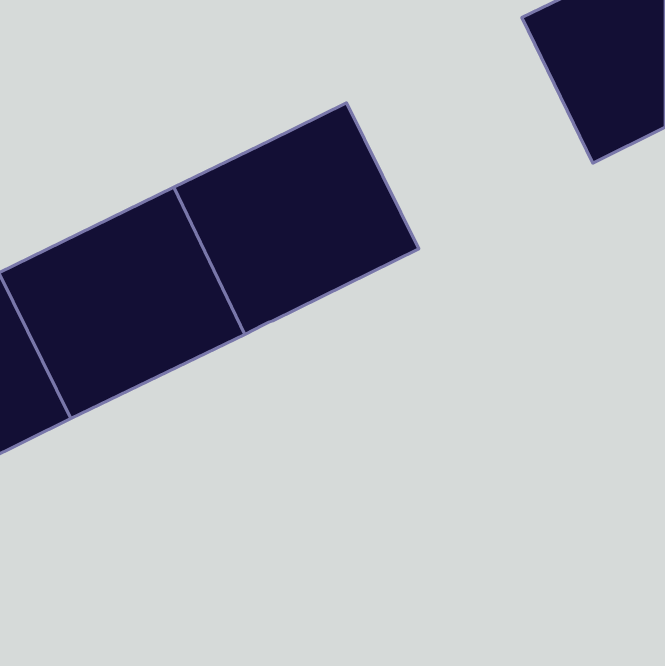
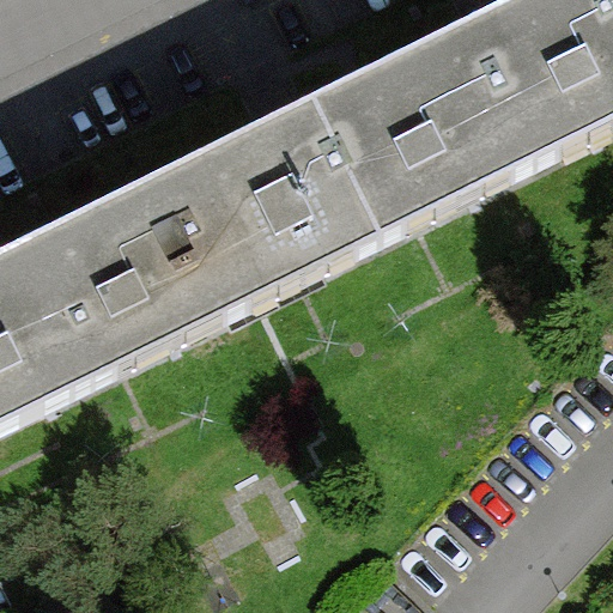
building: none -> [310,16,530,223]

